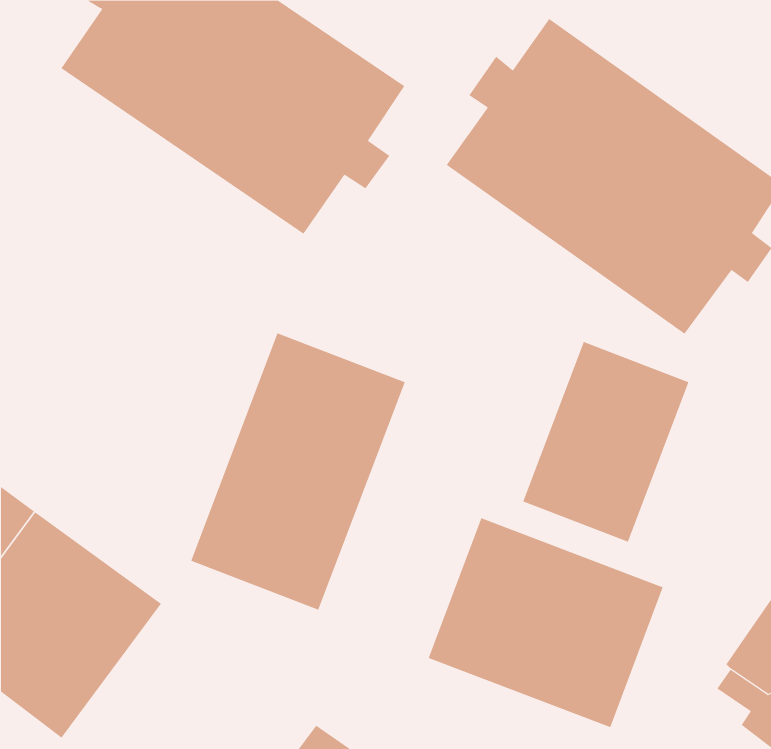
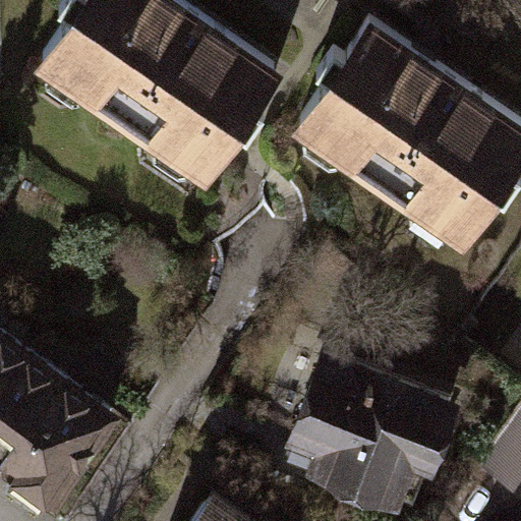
building: [190,333,405,611] -> none
building: [523,341,689,542] -> none

